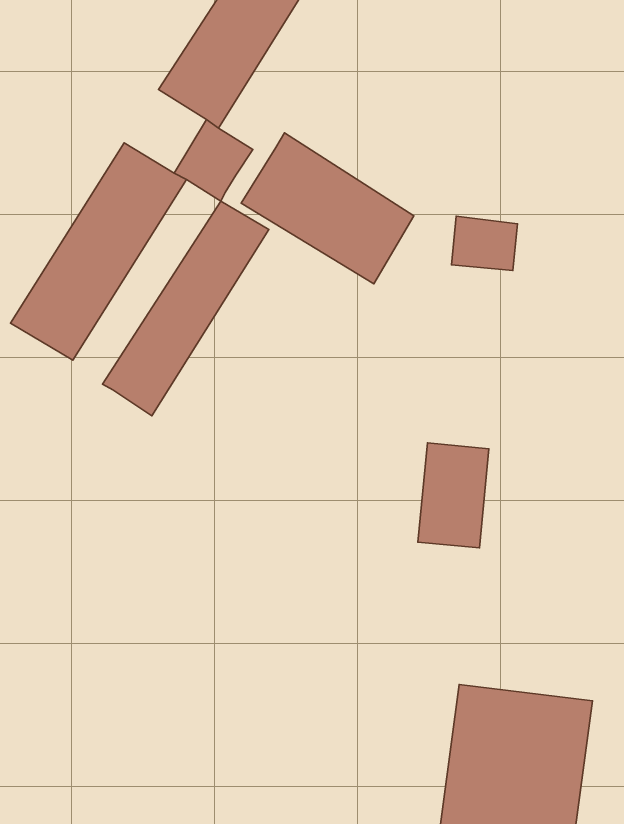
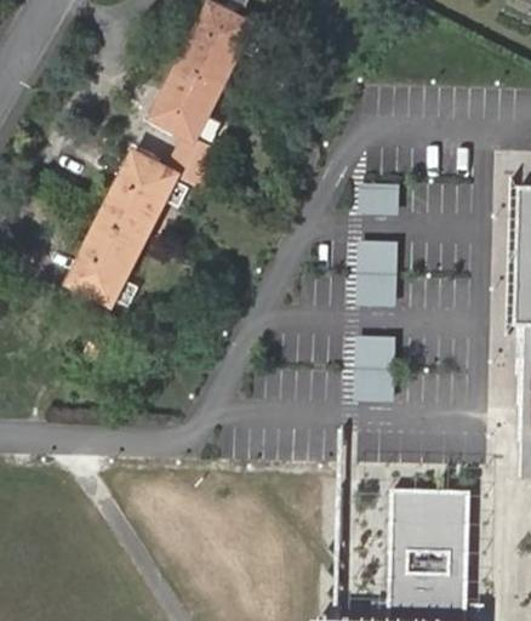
building: [241,133,414,284] -> none
building: [102,201,269,416] -> none
building: none -> [353,238,398,304]

